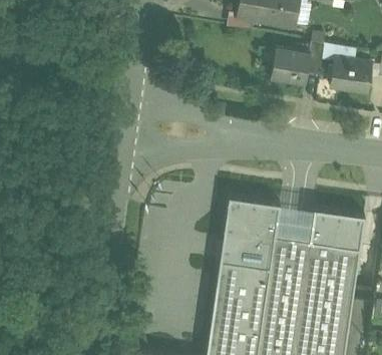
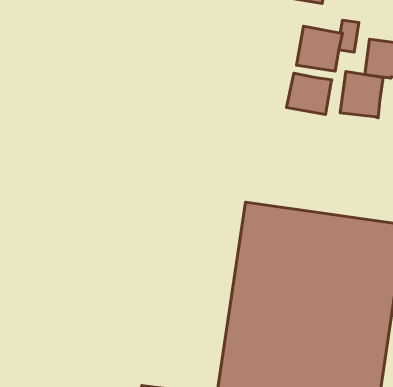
building: none -> [340,71,383,118]
building: none -> [286,73,332,115]

